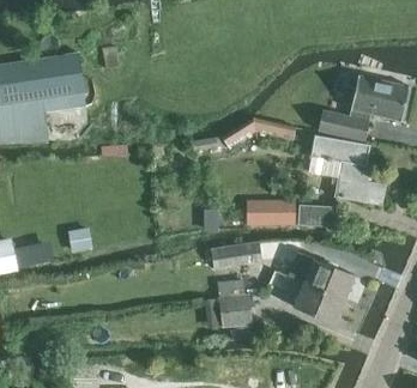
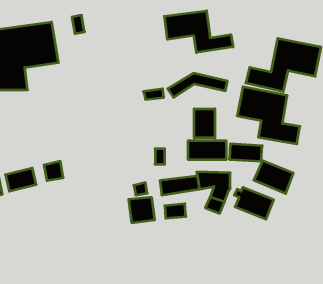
building: none -> [164,11,233,53]
building: none -> [194,109,215,138]
building: [295,283,344,323] -> [254,161,293,194]
building: [219,295,252,326] -> [129,198,155,223]

